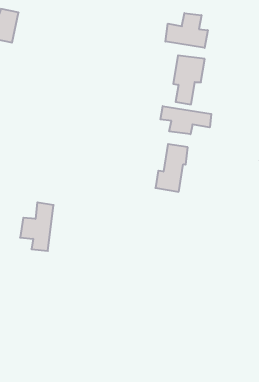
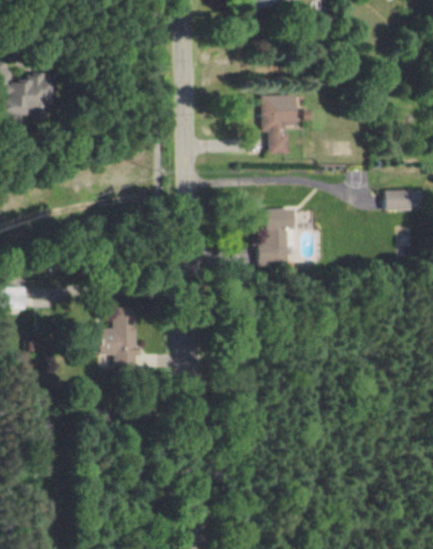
building: [165,13,208,48] -> none
building: [160,106,211,134] -> none

